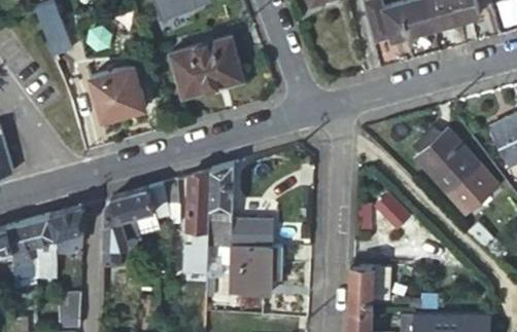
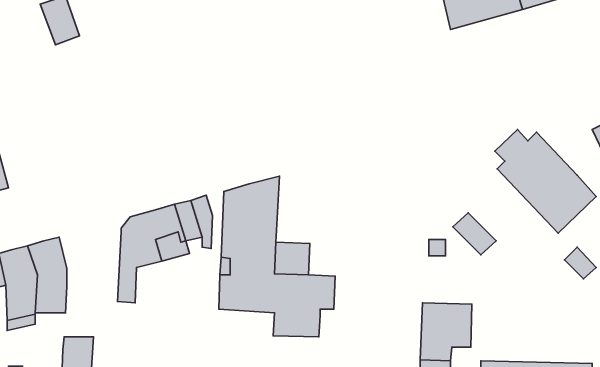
building: [170,36,244,99] -> none
building: [89,65,146,121] -> none
building: [55,205,85,254] -> none

